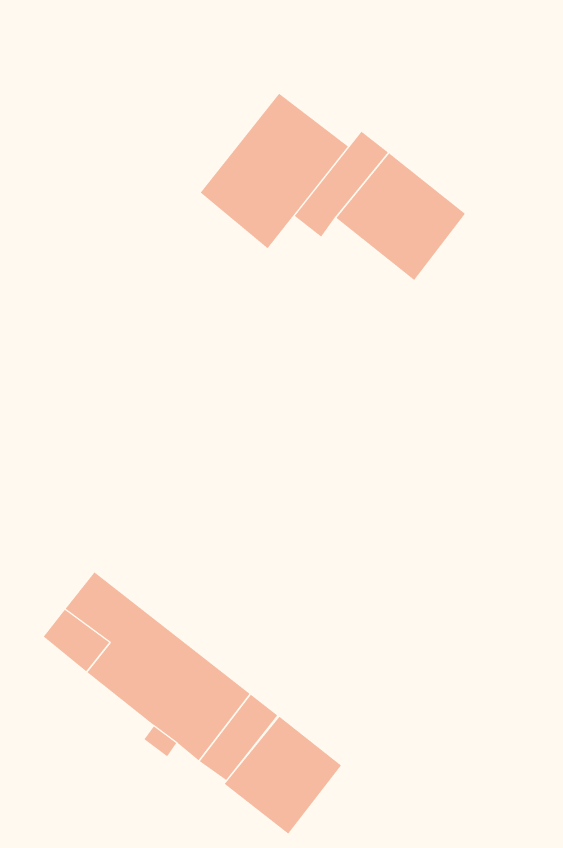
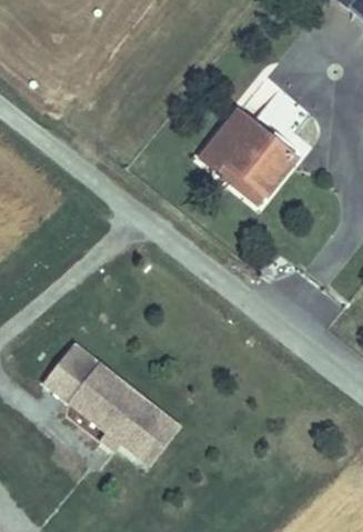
building: [200,93,349,249] -> none
building: [224,716,342,835] -> none

